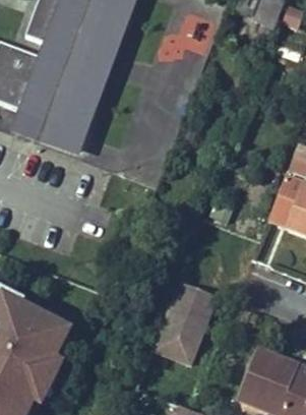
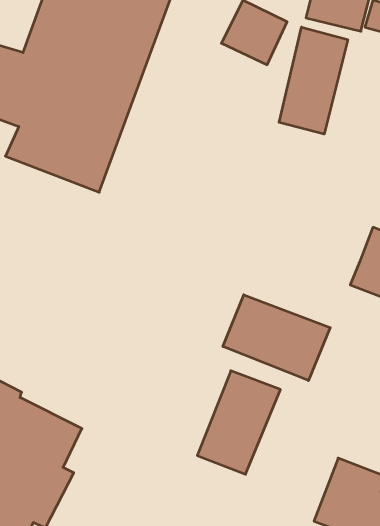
building: none -> [279,27,348,134]
building: none -> [223,295,330,381]

